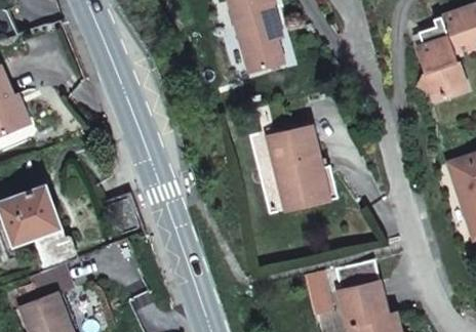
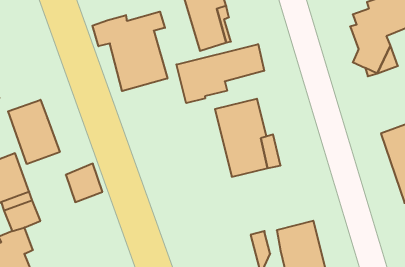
building: none -> [92,12,167,91]
building: none -> [176,44,264,103]
building: none -> [8,100,60,164]

